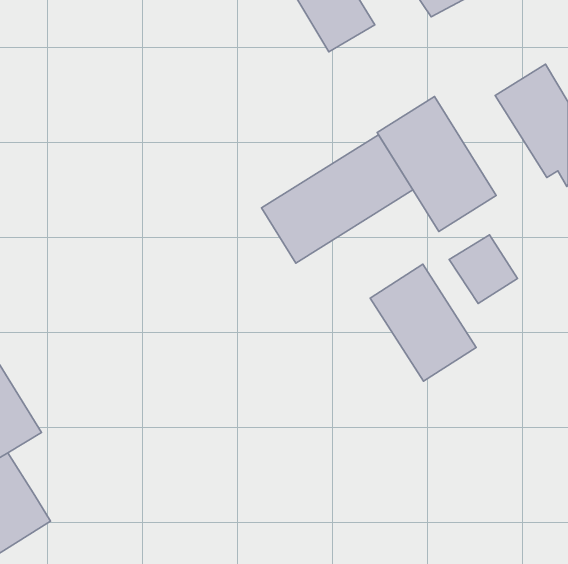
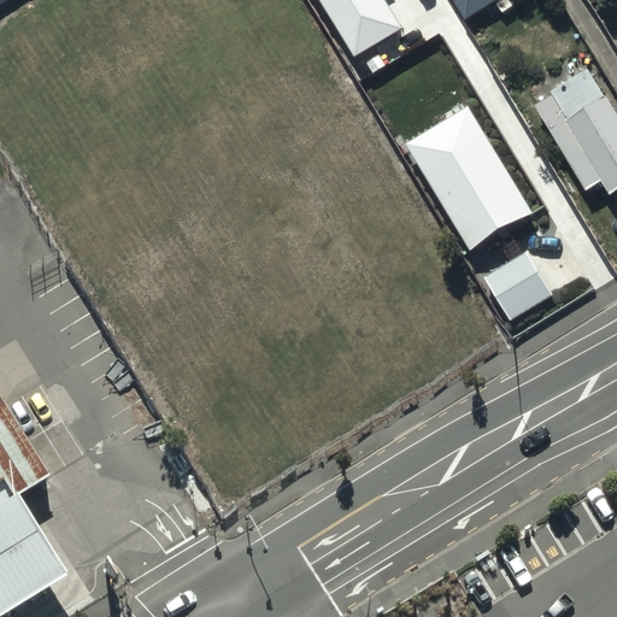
building: [261,135,413,263] -> none
building: [370,264,476,381] -> none

